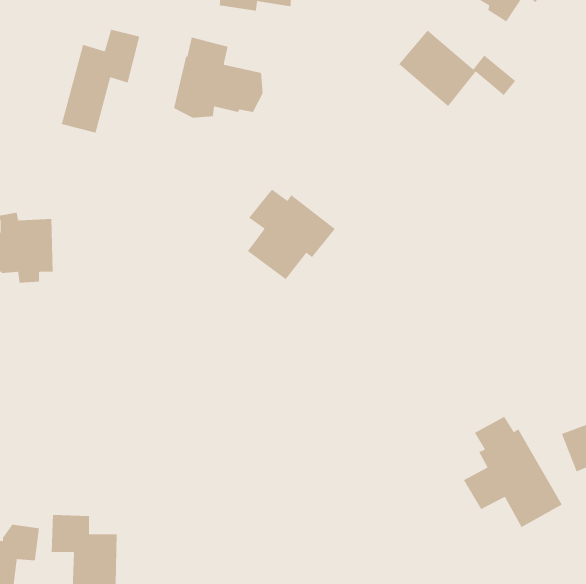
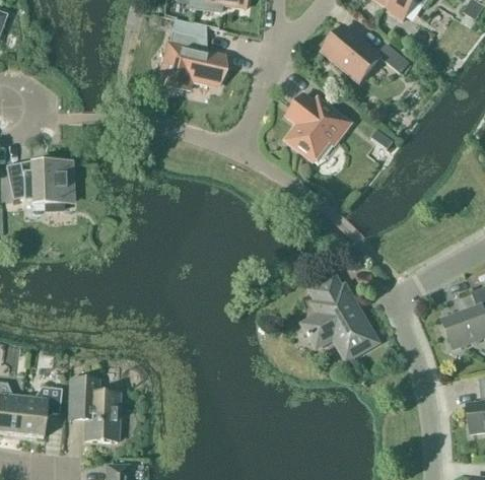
building: [61,29,140,134] -> none
building: [247,189,336,280] -> [286,93,351,160]
building: [463,416,563,528] -> [304,276,377,358]

